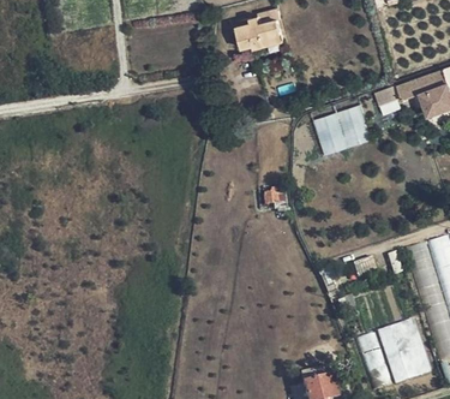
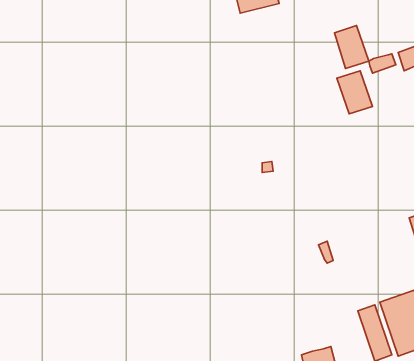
building: [316,111,349,153] -> [334,26,369,68]

